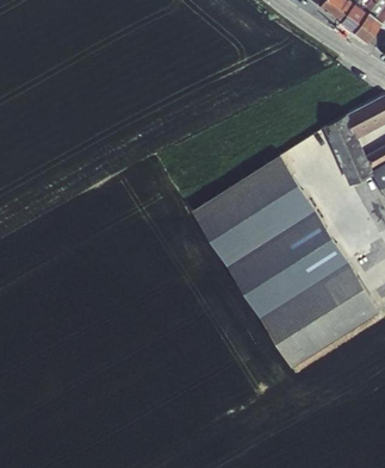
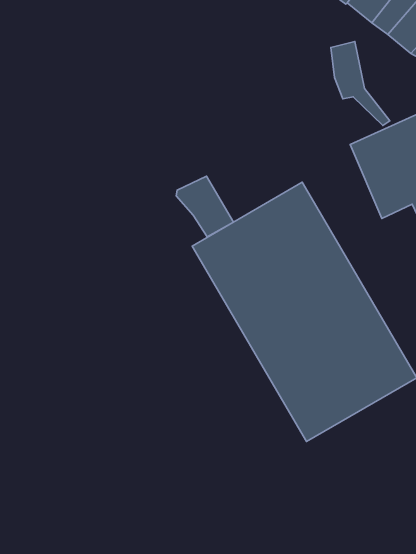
building: none -> [331,41,390,125]
building: none -> [176,176,233,237]

